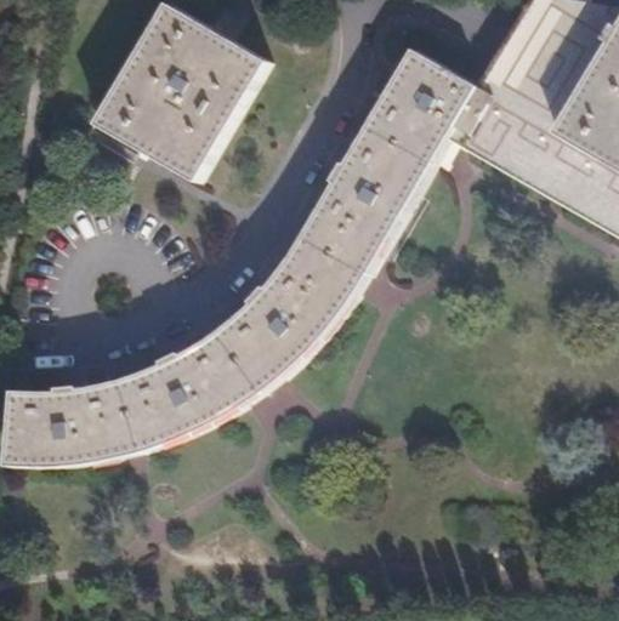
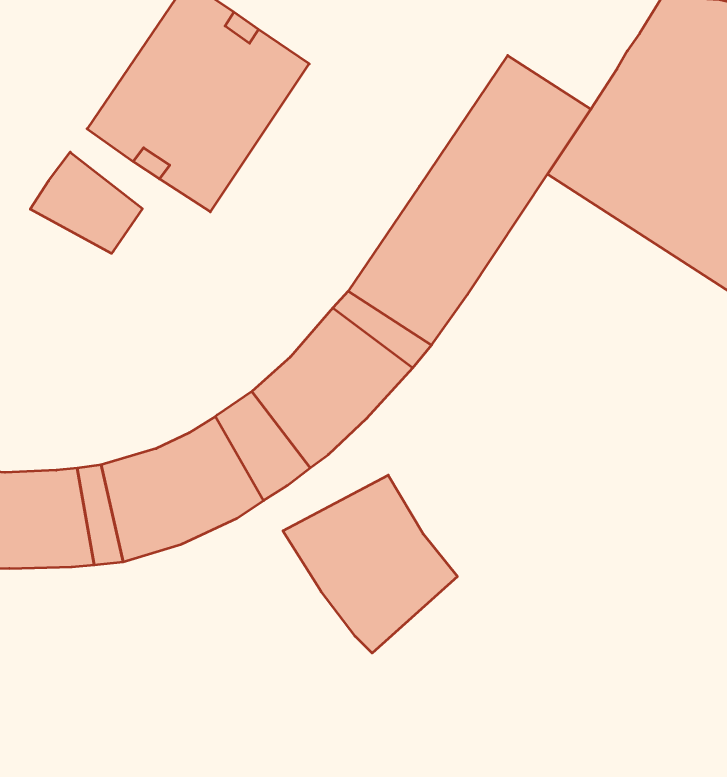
building: none -> [30,152,142,253]
building: none -> [283,475,457,653]

